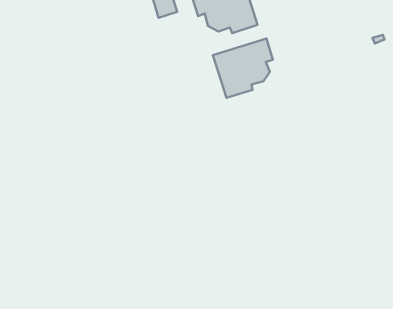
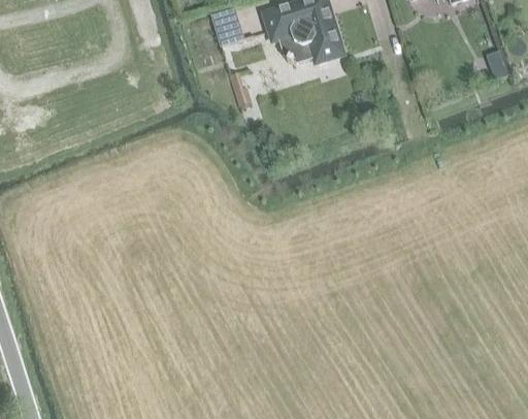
building: [213,38,273,98] -> none

